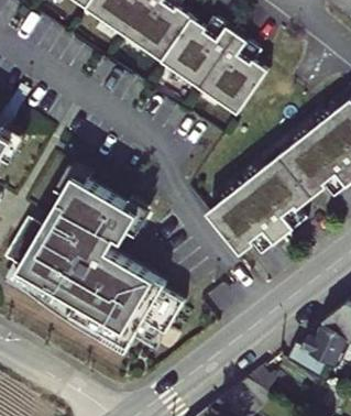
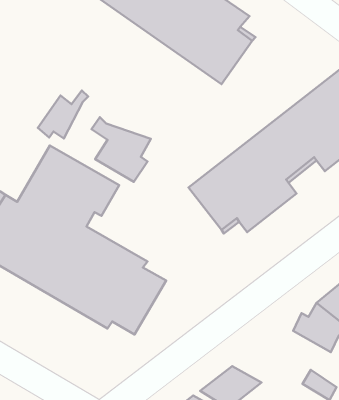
building: none -> [38,91,88,138]
building: none -> [92,117,151,182]

